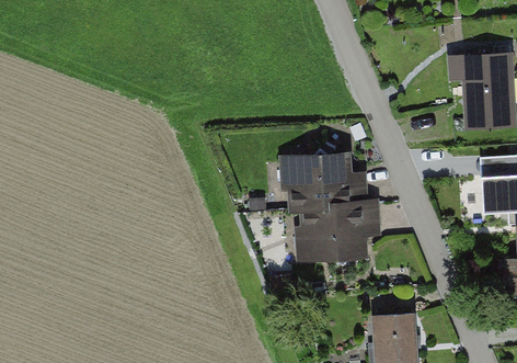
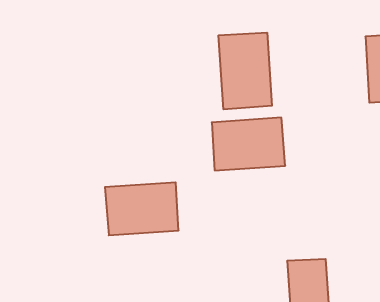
building: none -> [219,33,272,109]
building: [286,203,371,264] -> [105,182,179,235]

